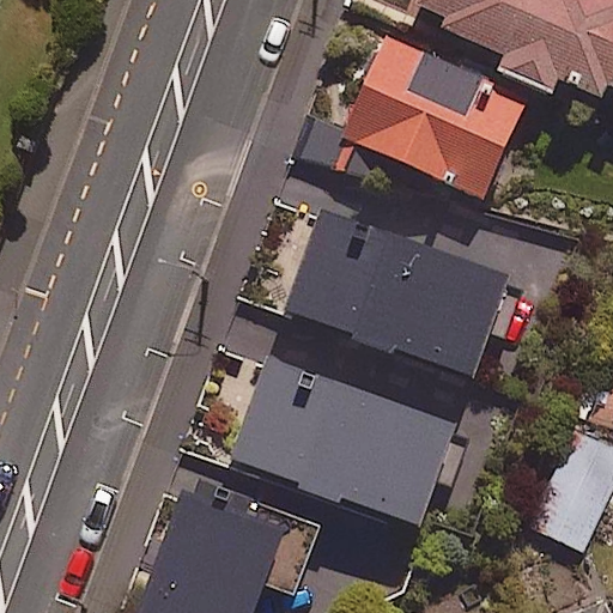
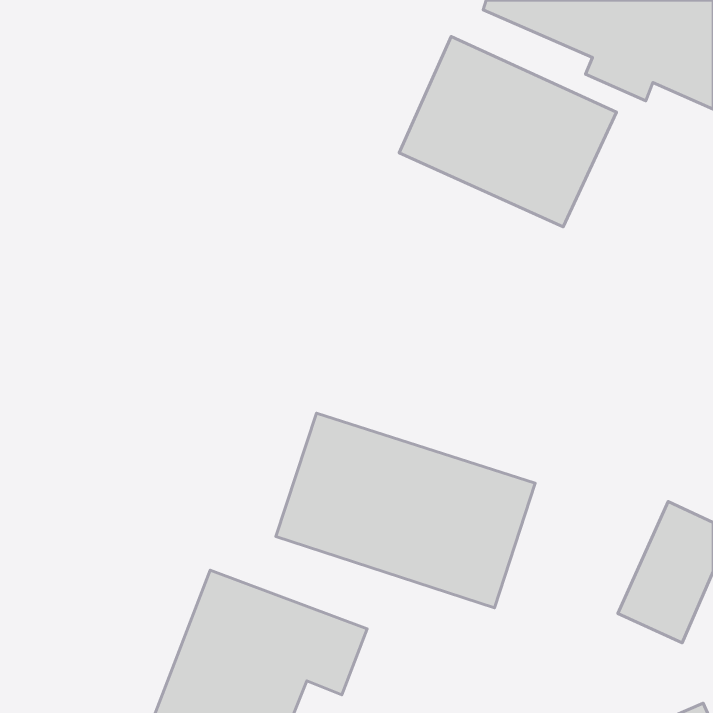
building: [287,210,509,374] -> none

